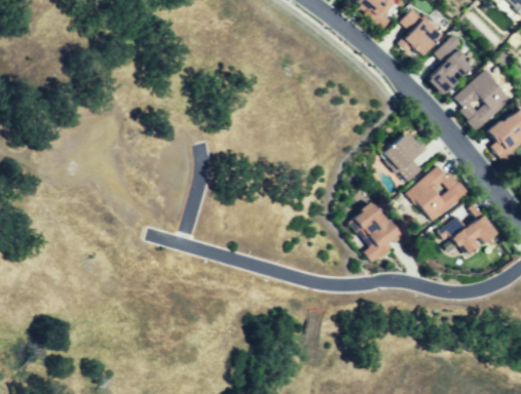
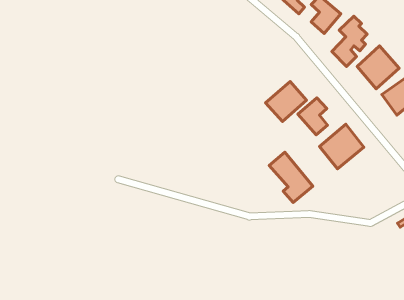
building: none -> [265,82,307,122]
building: [441,214,500,263] -> none

